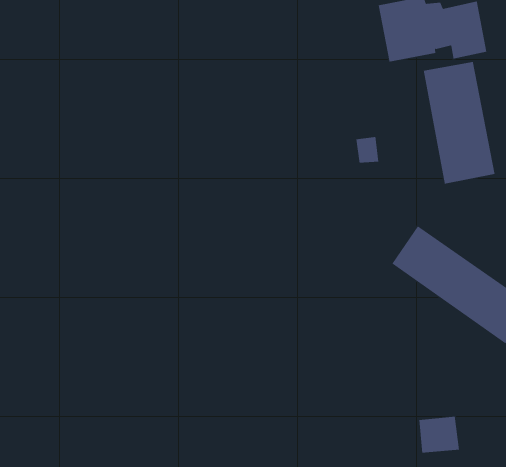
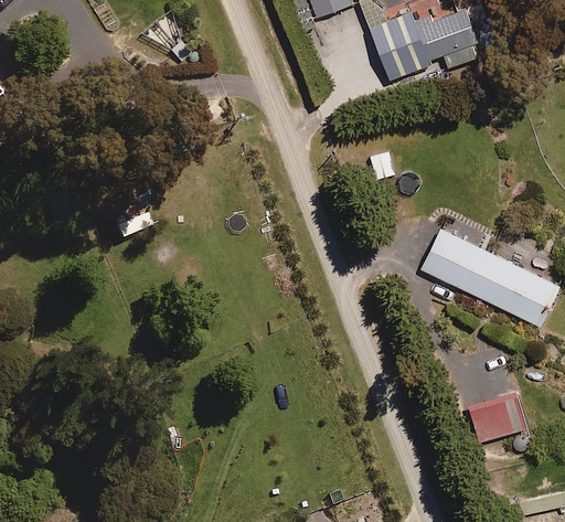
building: [423,61,495,184] -> none

